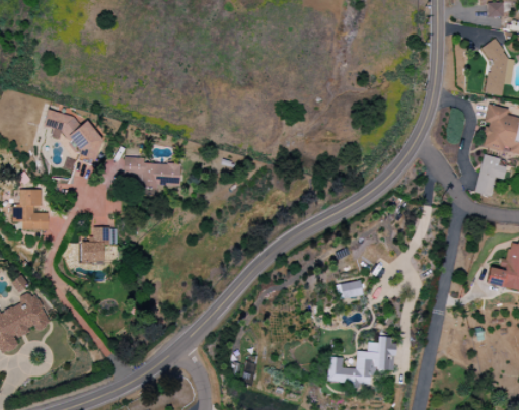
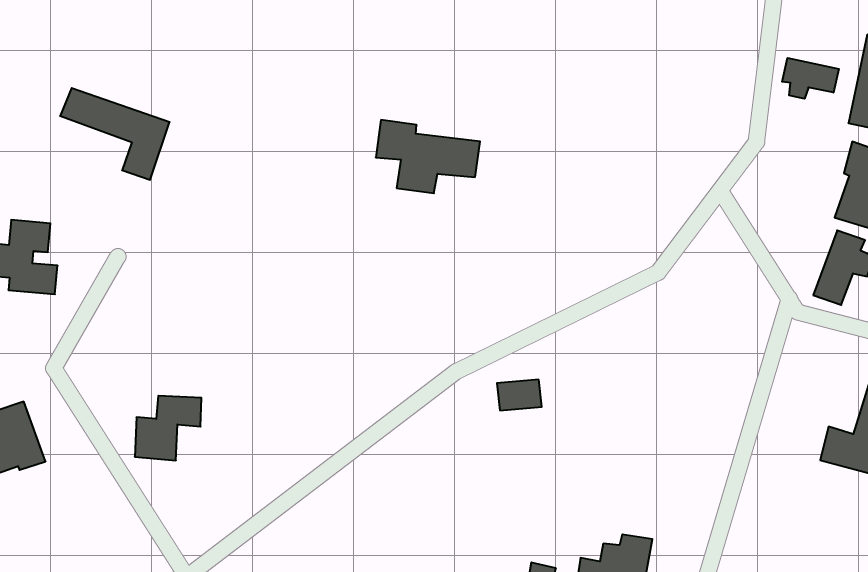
building: none -> [782,58,839,99]
building: [123,156,180,195] -> [376,120,480,193]
building: [80,227,117,264] -> [135,396,201,460]
building: [337,280,363,299] -> [497,380,542,410]

